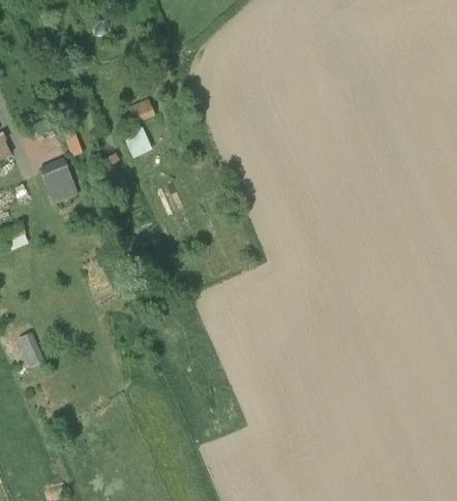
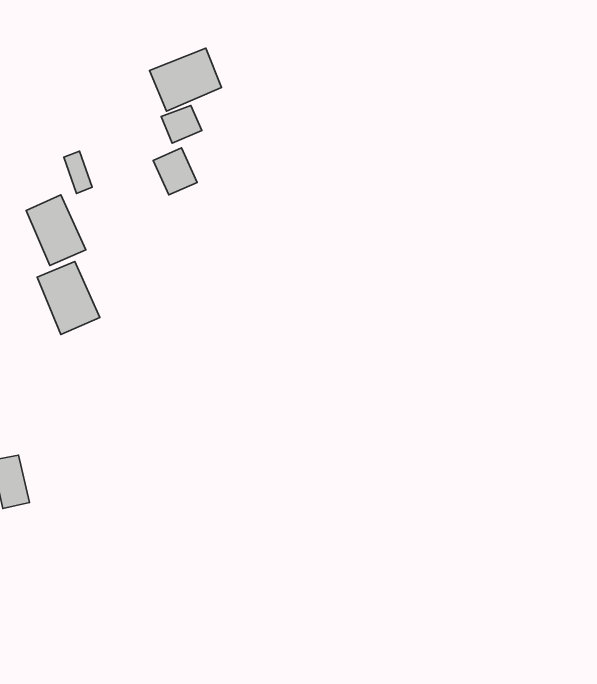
building: none -> [149,48,222,111]
building: none -> [37,261,100,335]

